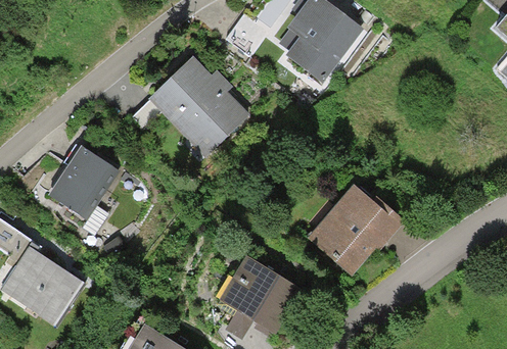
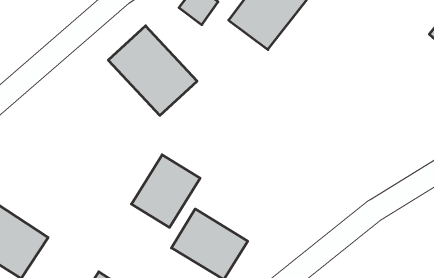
building: [47,144,116,214] -> none
building: [307,186,406,276] -> none
building: none -> [131,155,200,227]

